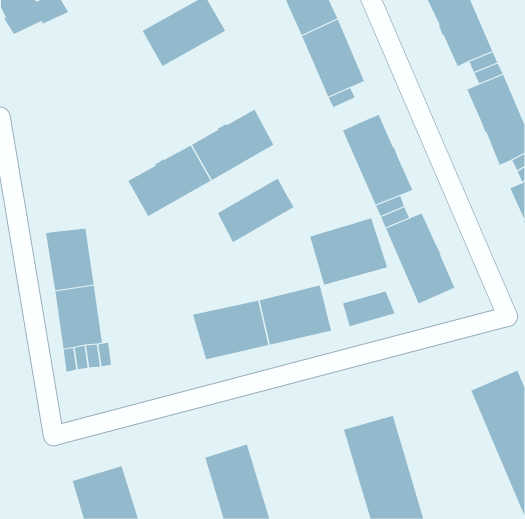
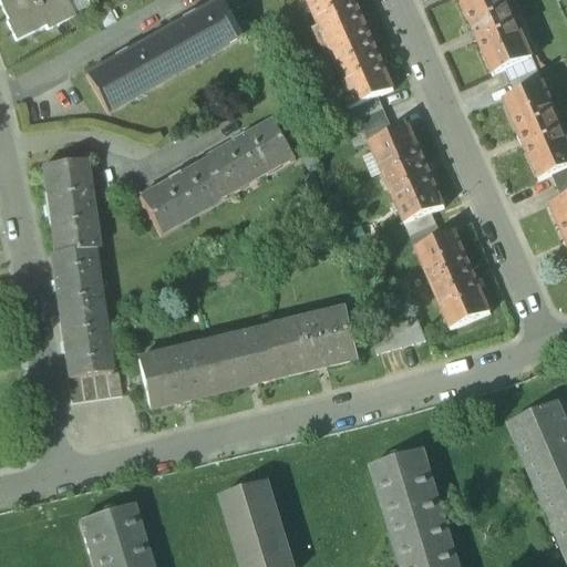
building: none -> [85,33,175,111]
building: none -> [359,105,393,141]
building: none -> [41,157,97,250]
building: [217,178,294,243] -> none
building: [310,218,387,286] -> none
building: none -> [137,339,221,406]

